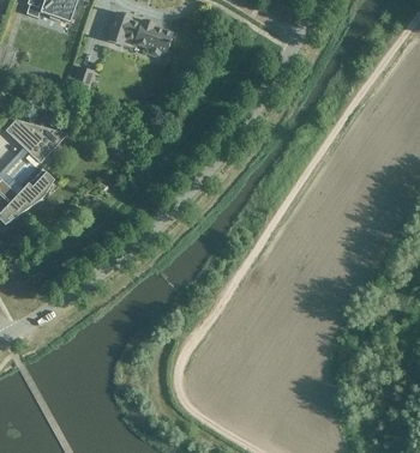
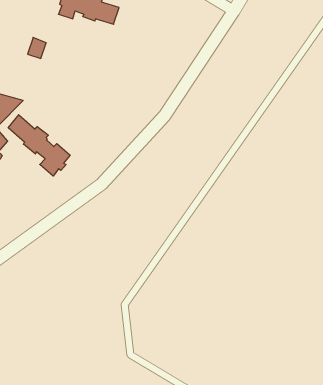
building: none -> [8,115,70,176]

